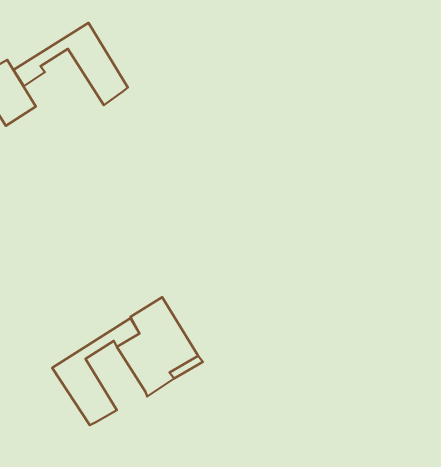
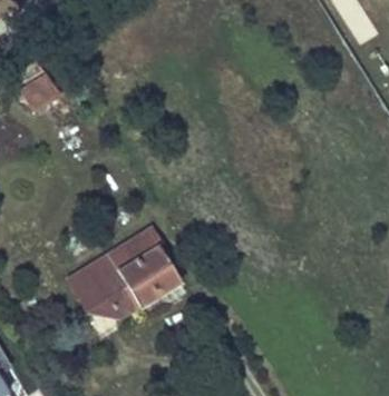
building: [13,23,128,105] -> none
building: none -> [95,266,139,317]

